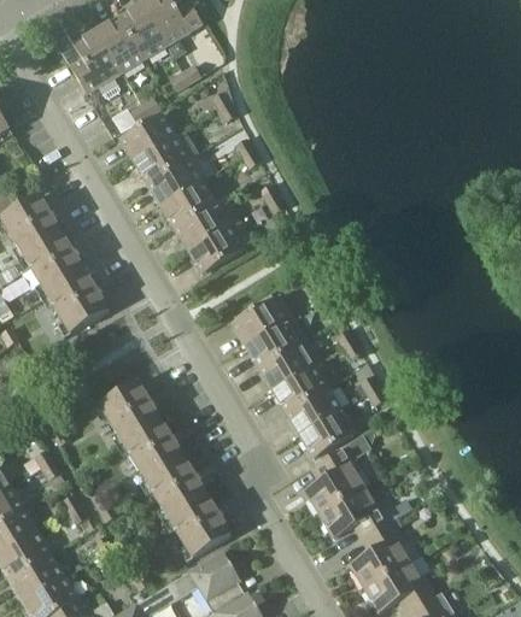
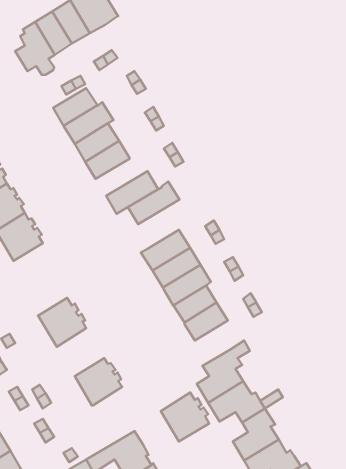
building: [174,196,240,251] -> [128,182,180,224]
building: [300,410,356,458] -> none
building: [124,419,185,481] -> none
building: [170,494,232,557] -> [161,392,209,442]

